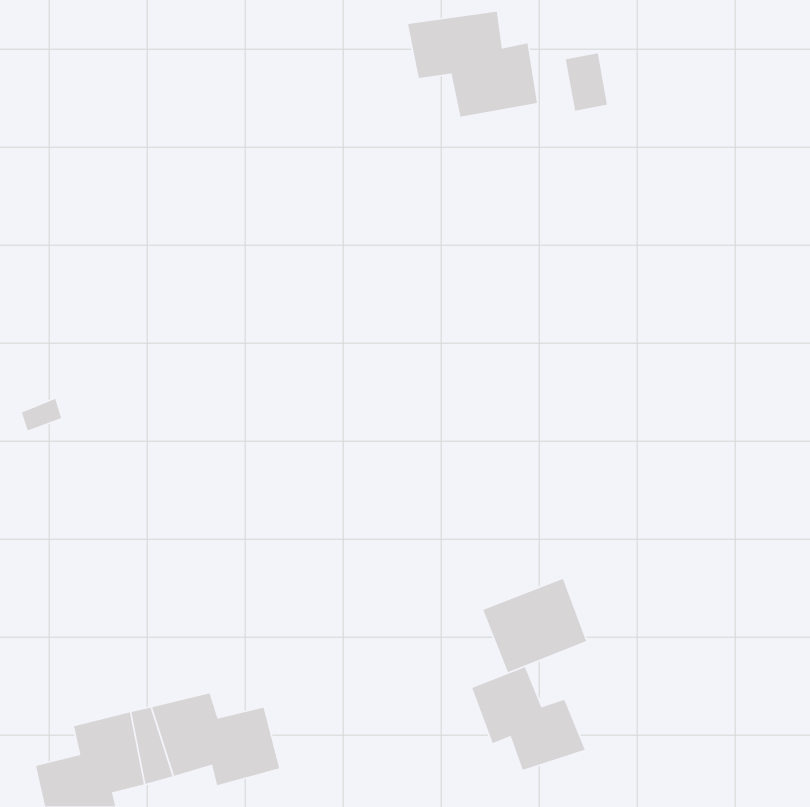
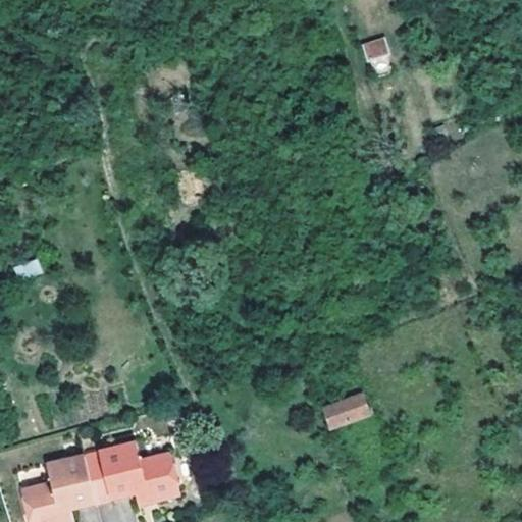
building: [407,11,538,118] -> none
building: [471,666,586,771] -> none

